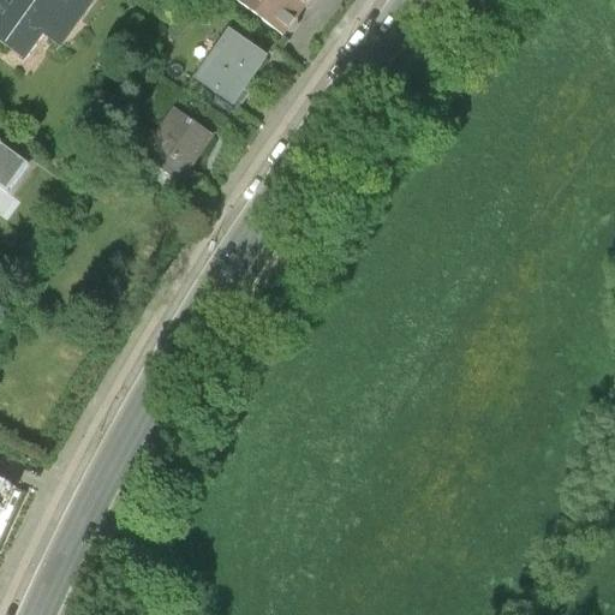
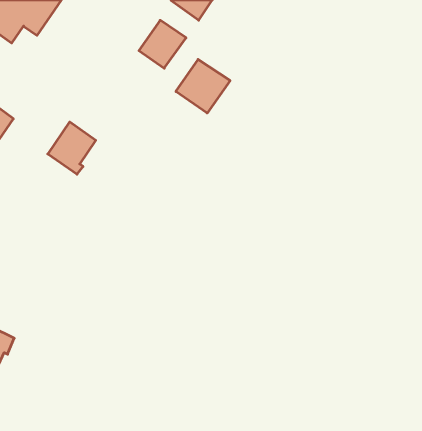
building: none -> [176,59,230,113]
building: [143,106,211,180] -> [48,122,96,174]

